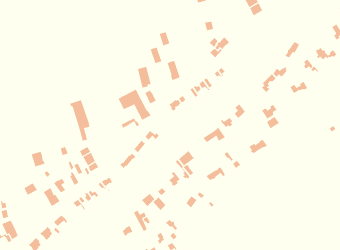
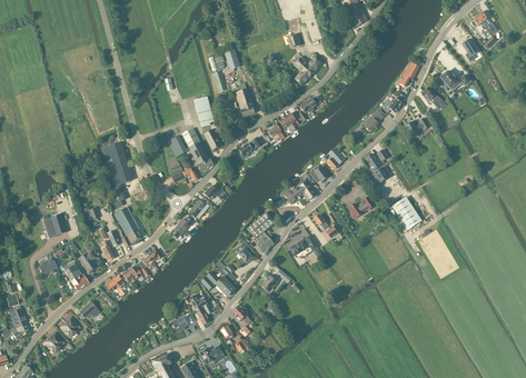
building: none -> [390,197,420,229]

